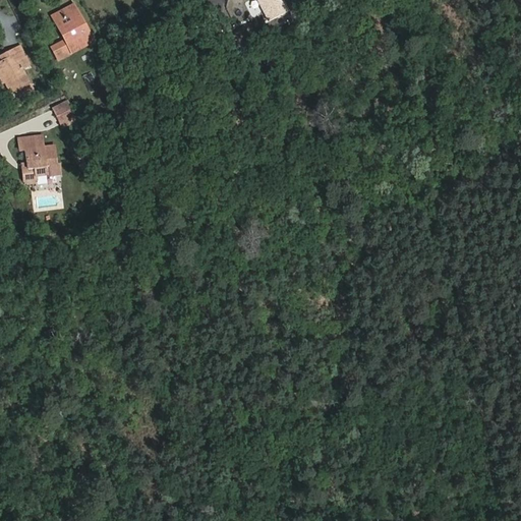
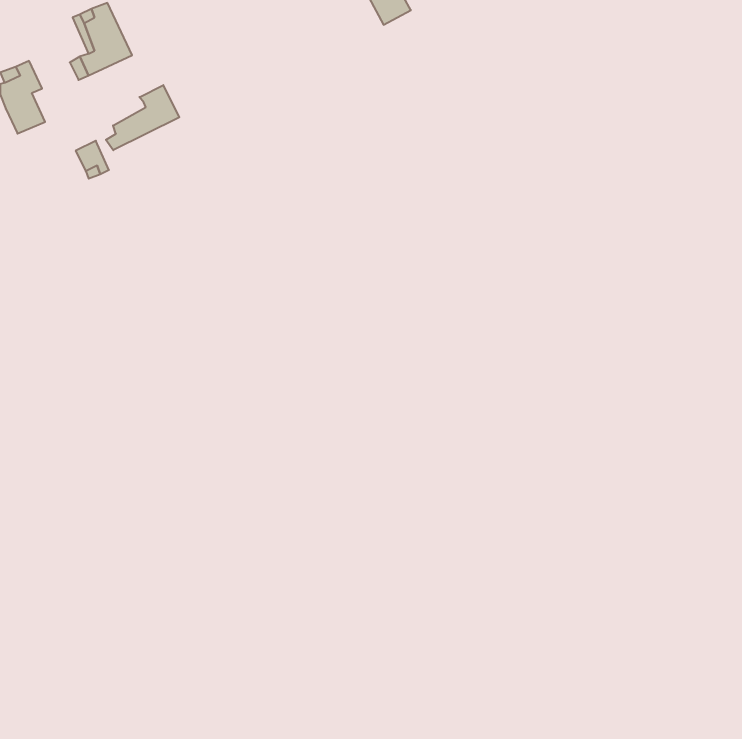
building: none -> [106,85,179,150]
building: [18,138,62,185] -> none

